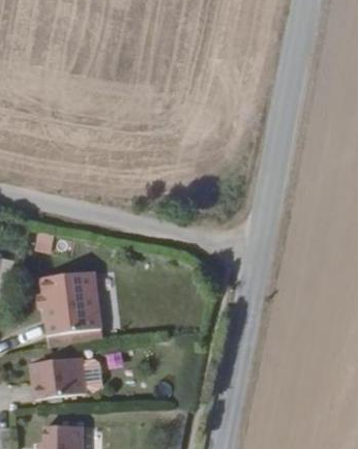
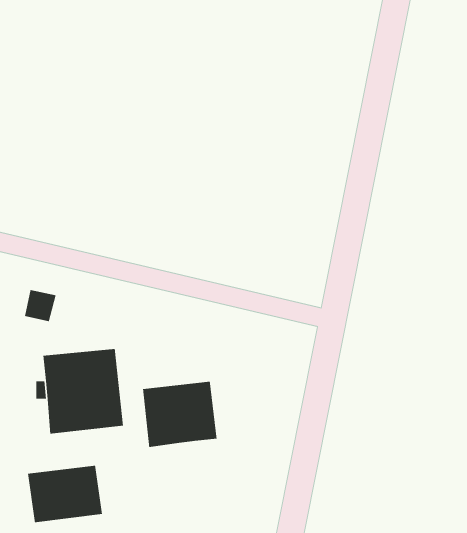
building: none -> [143,381,217,448]

